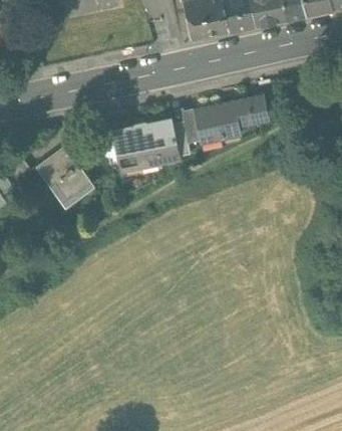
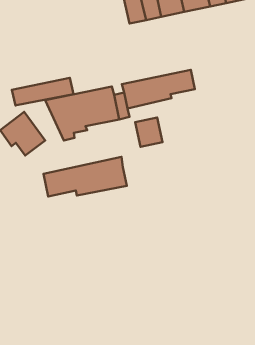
building: none -> [12,78,74,105]
building: none -> [135,117,163,147]
building: none -> [43,157,127,197]

